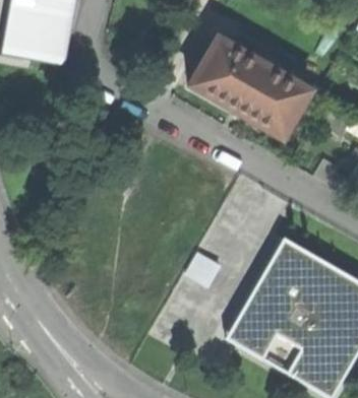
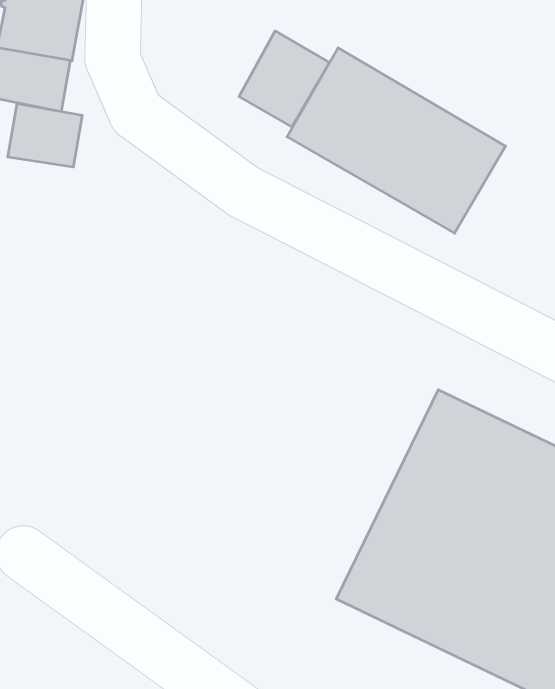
building: none -> [239,31,330,127]
building: none -> [8,103,82,167]

